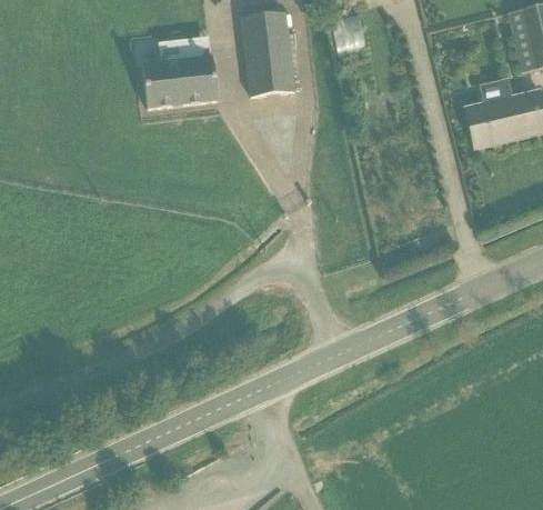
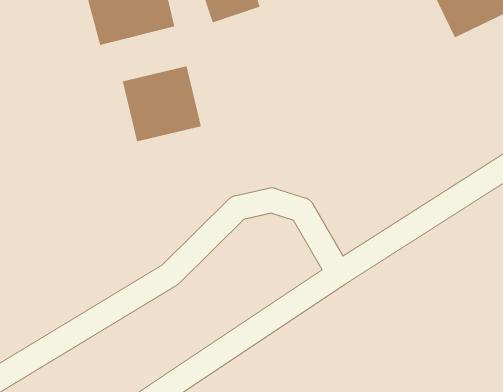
building: none -> [122,66,202,142]

